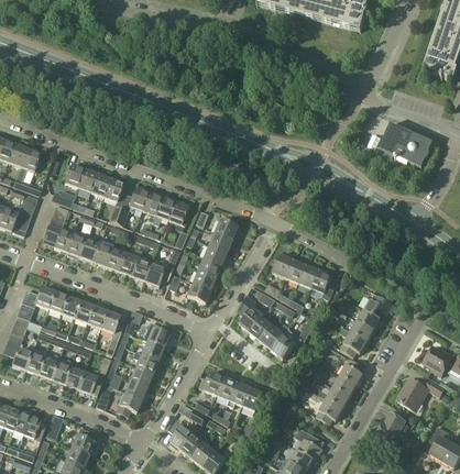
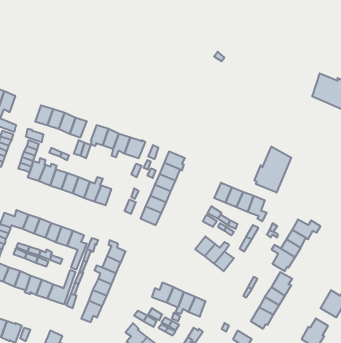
building: none -> [254,147,291,193]
building: [146,247,179,285] -> none
building: [238,295,263,331] -> none

